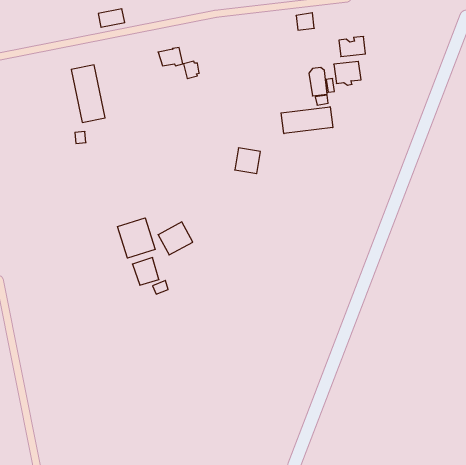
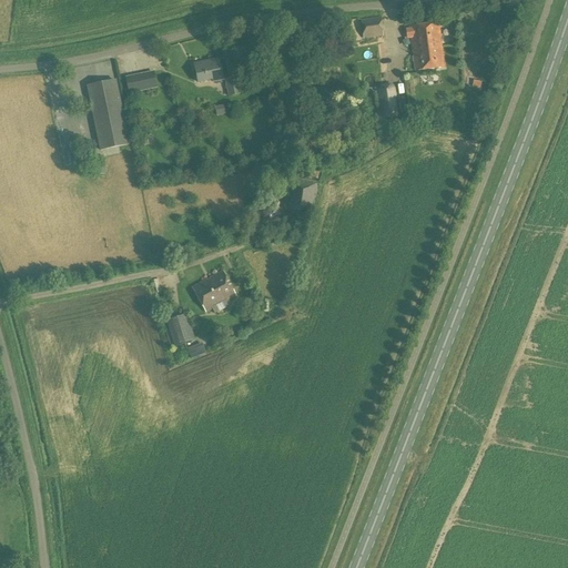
building: [98,9,125,27] -> [124,70,156,92]
building: [334,61,361,85] -> [408,22,442,51]
building: [281,107,333,134] -> none
building: [117,218,155,258] -> none

